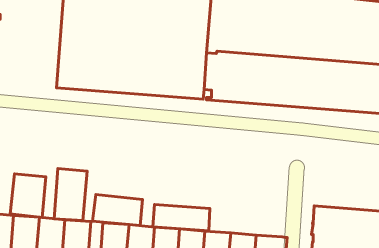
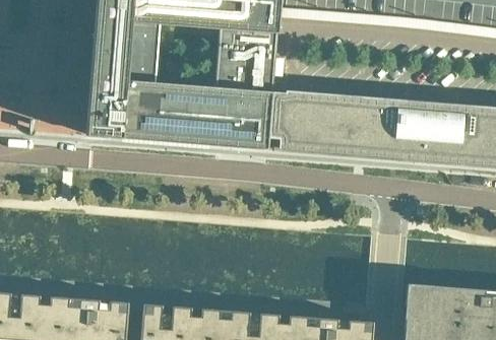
building: [54,168,87,221] -> none
building: [10,174,46,218] -> none
building: [93,195,143,226] -> none
building: [153,205,210,231] -> none

